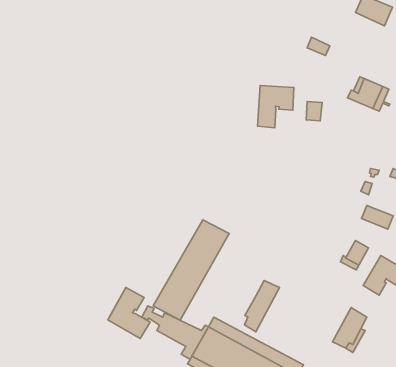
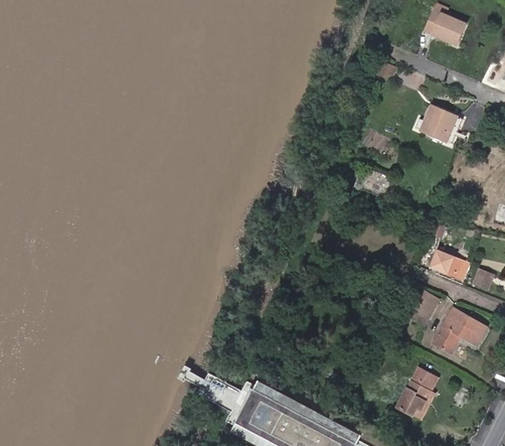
building: [257,86,294,128] -> none
building: [153,220,229,320] -> none
building: [245,281,280,332] -> none
building: [108,287,150,339] -> none

